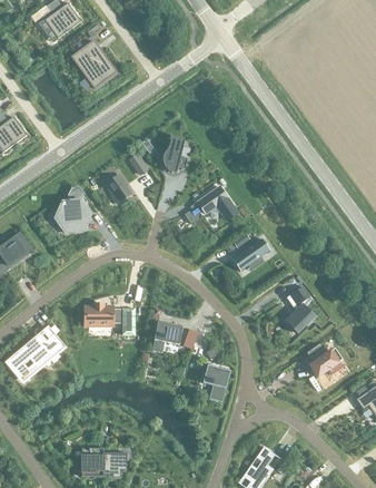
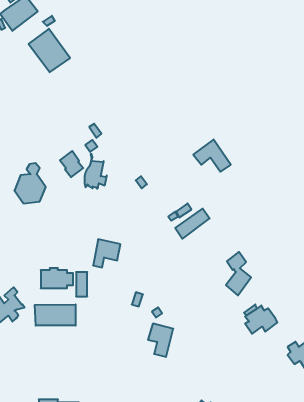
building: [161,134,186,172] -> [85,154,107,188]
building: [196,185,237,221] -> [193,139,231,172]
building: [151,321,181,352] -> [93,239,120,268]
building: none -> [35,304,76,326]

